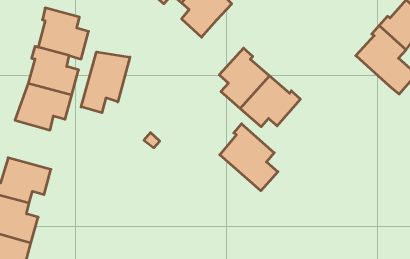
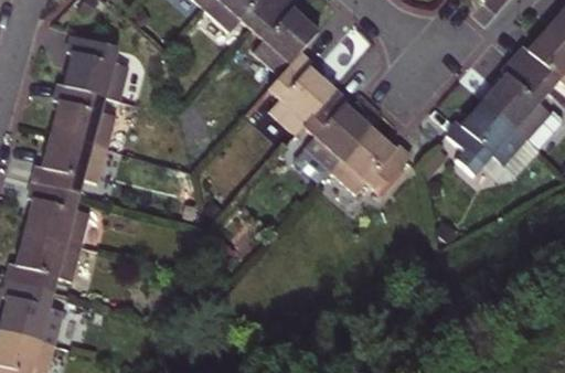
building: none -> [267,51,334,130]
building: [81,52,130,113] -> none
building: none -> [446,98,526,174]
building: none -> [24,183,90,248]
building: [220,124,278,191] -> none

